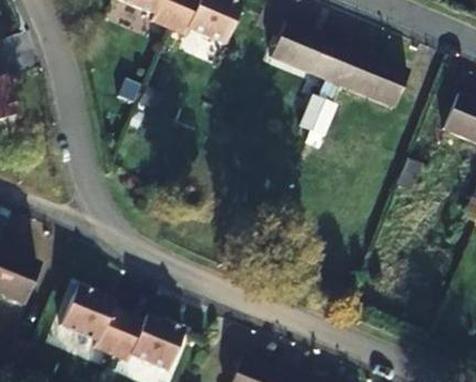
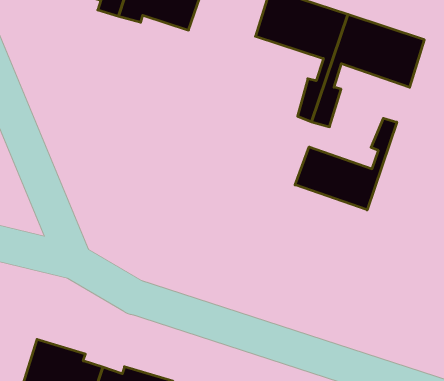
building: none -> [295,118,397,210]

